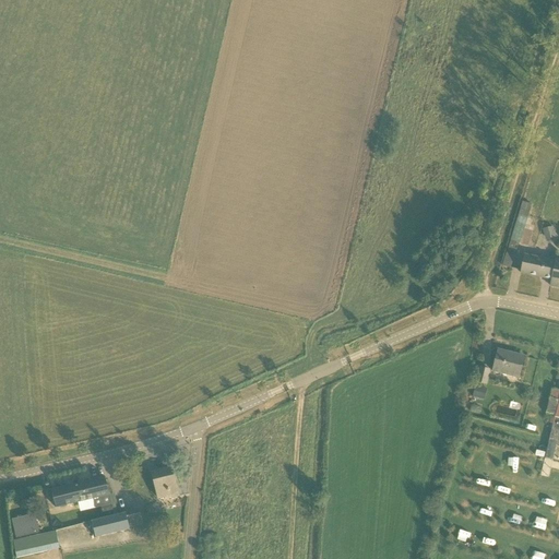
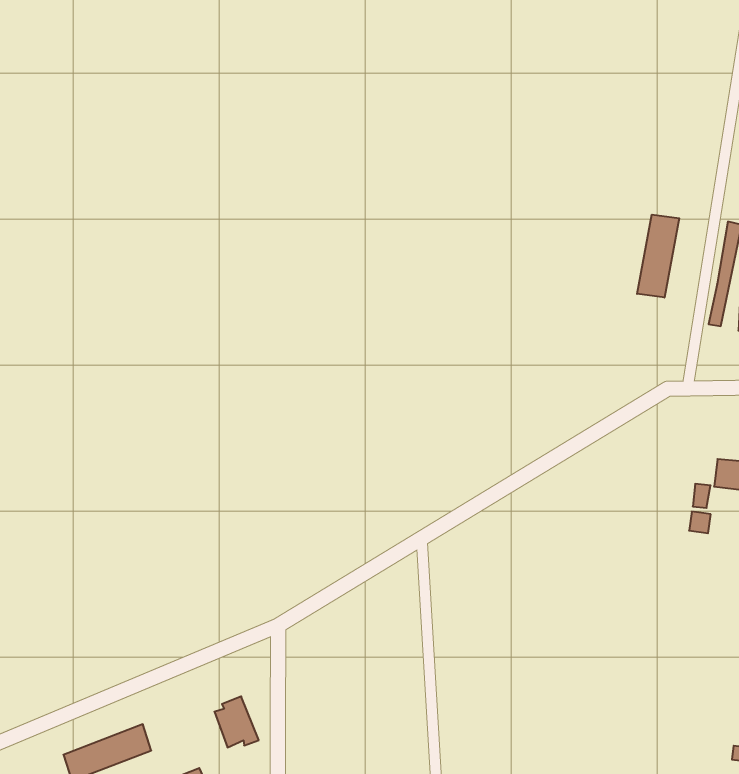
building: none -> [637,215,679,298]

